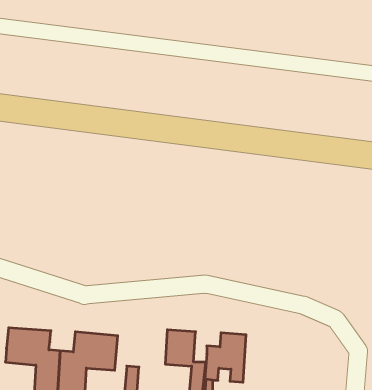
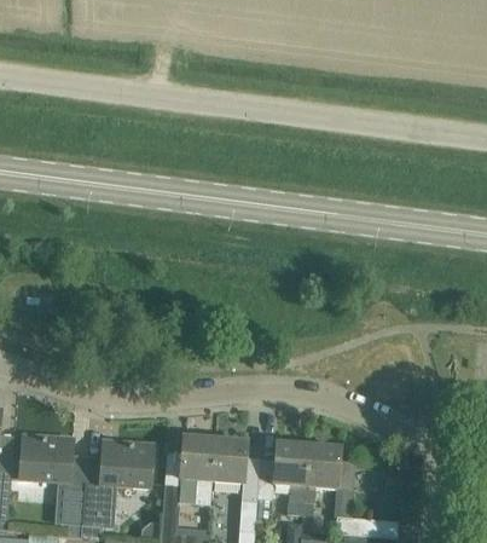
building: none -> [180,435,213,502]
building: none -> [303,444,354,502]

